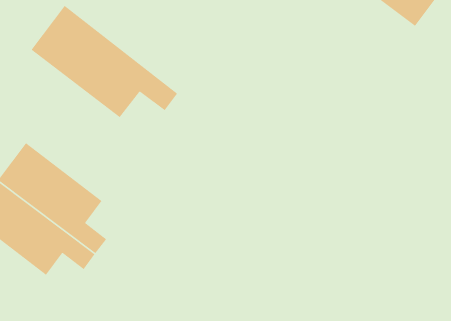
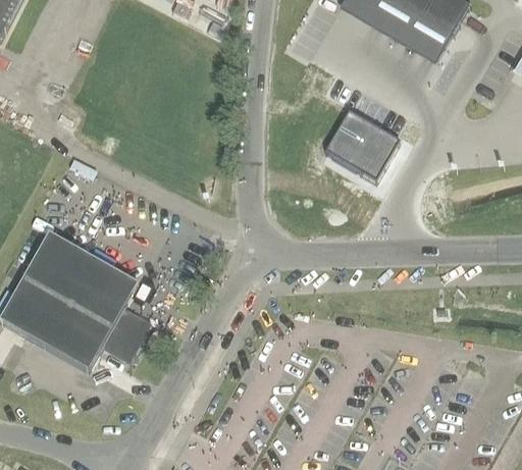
building: [31,5,178,118] -> none
building: none -> [329,111,396,180]

